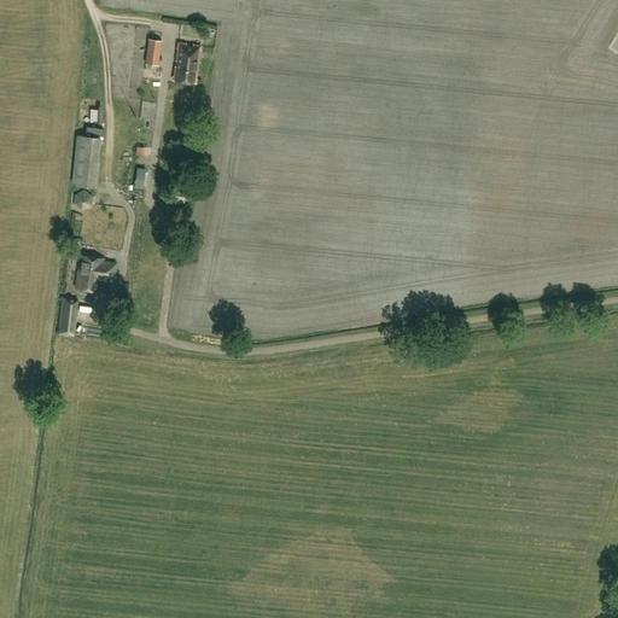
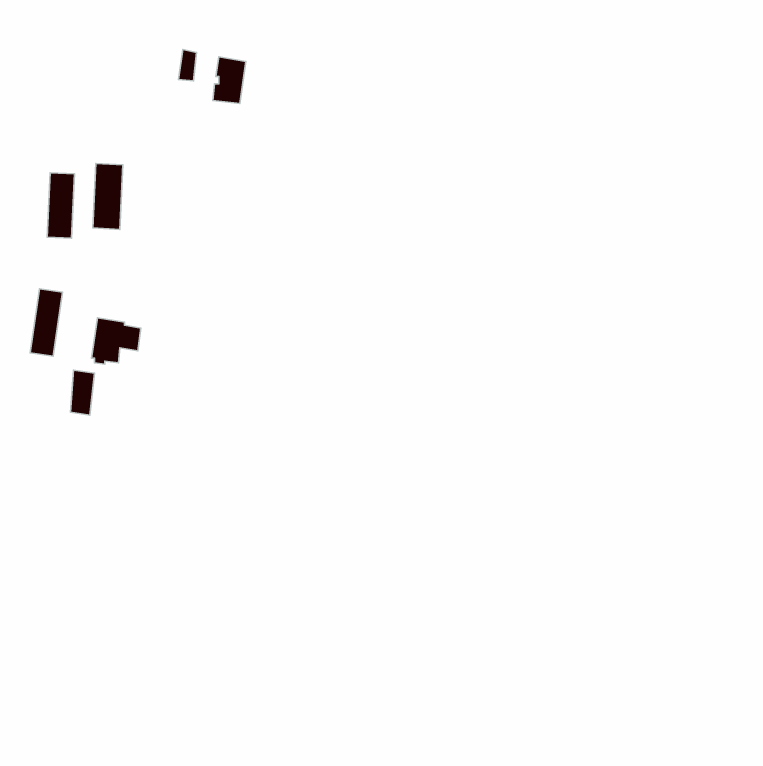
building: none -> [47,173,75,238]
building: none -> [30,289,63,356]

